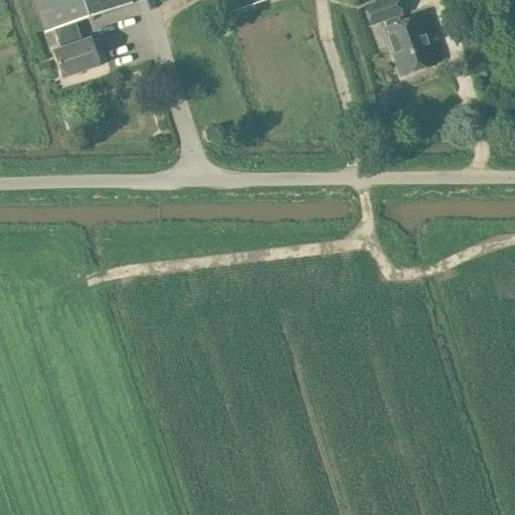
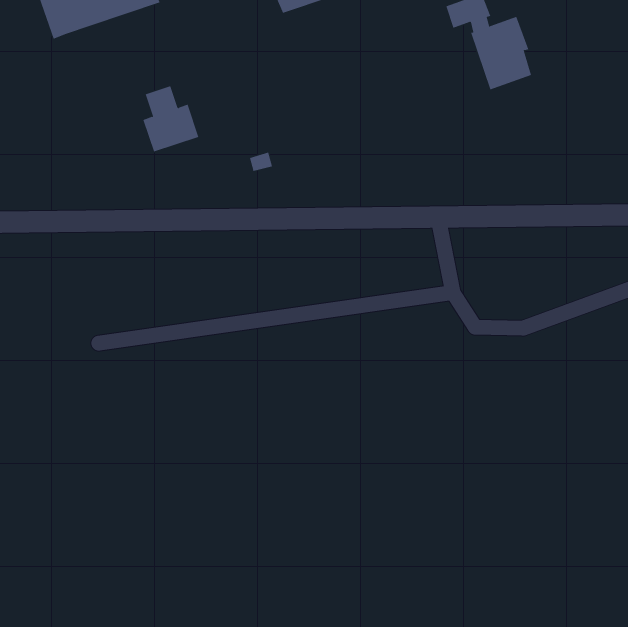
building: [53,21,100,75] -> [142,85,199,152]

